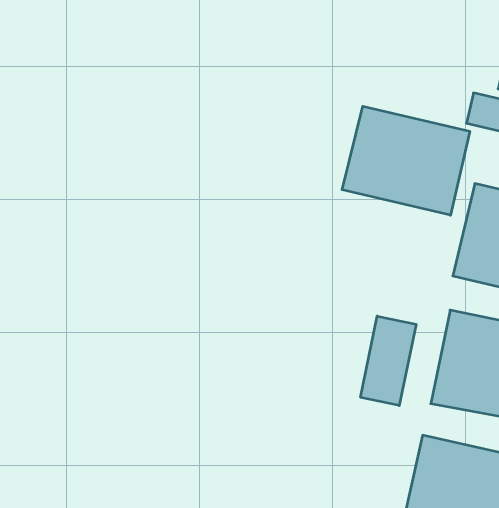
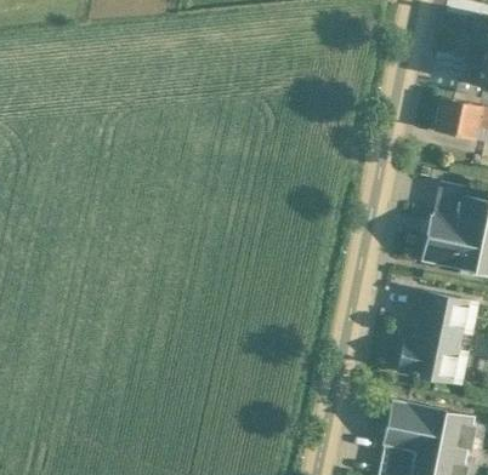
building: [342,106,470,215] -> none
building: [361,316,416,406] -> none

